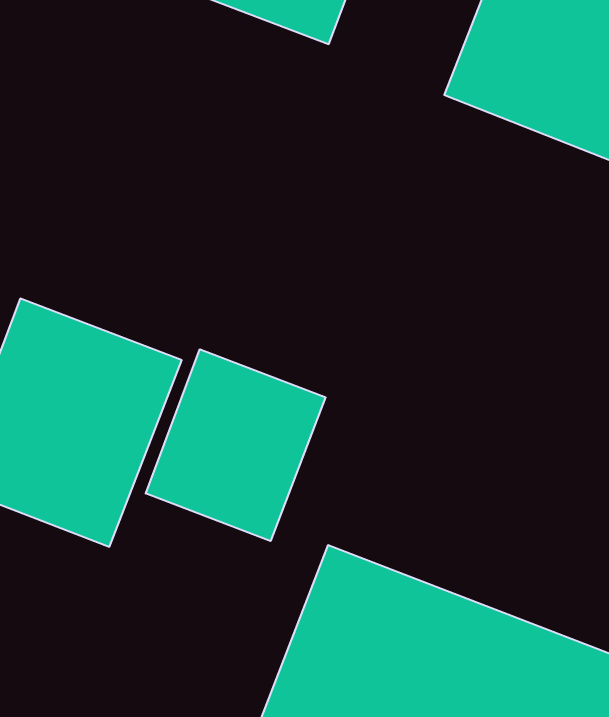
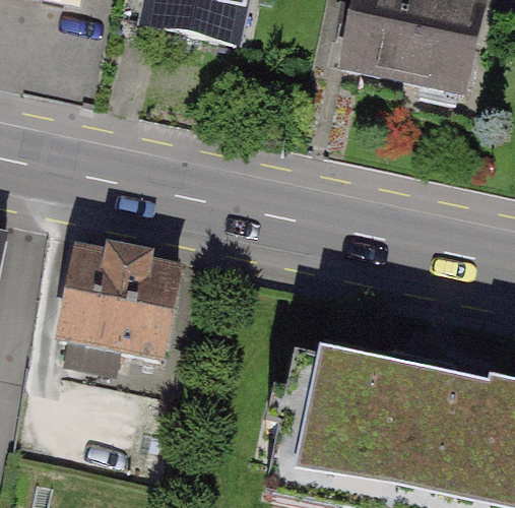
building: [146,349,326,541] -> none

